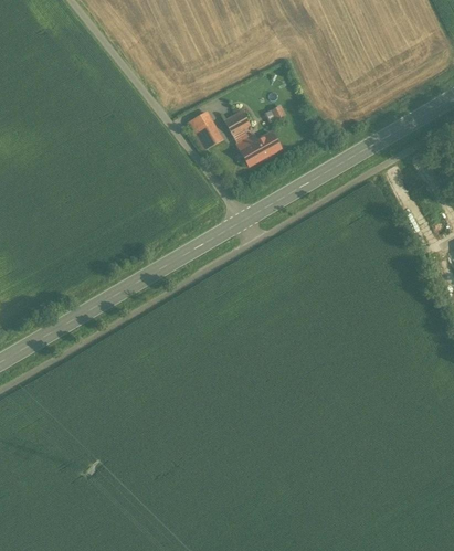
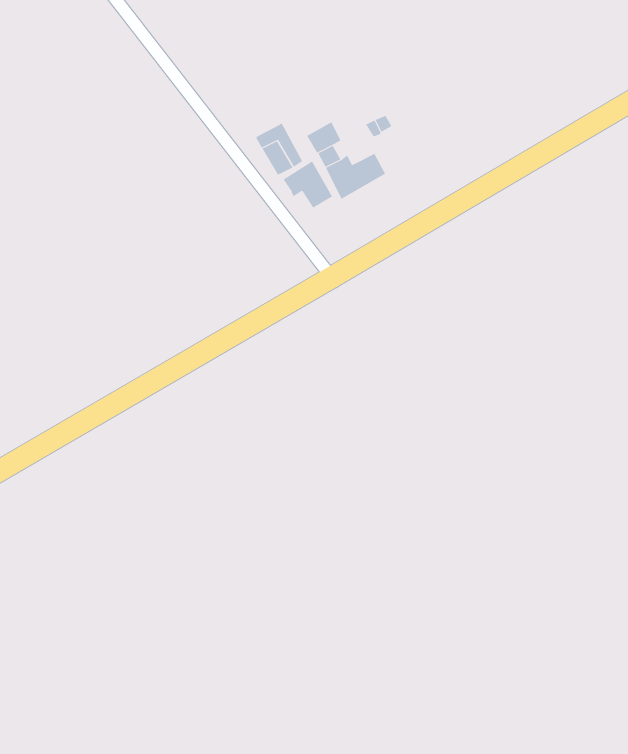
building: none -> [283,161,333,208]

